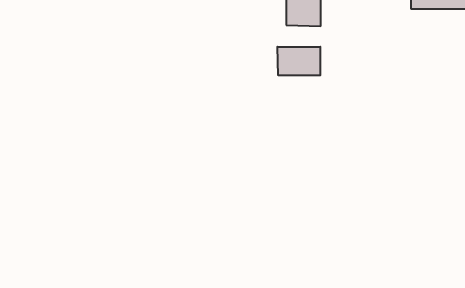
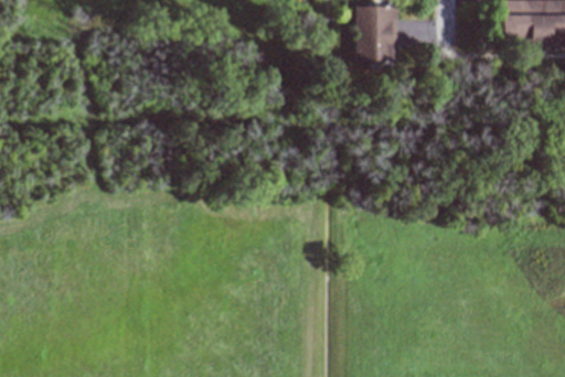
building: [277,47,320,75] -> none

